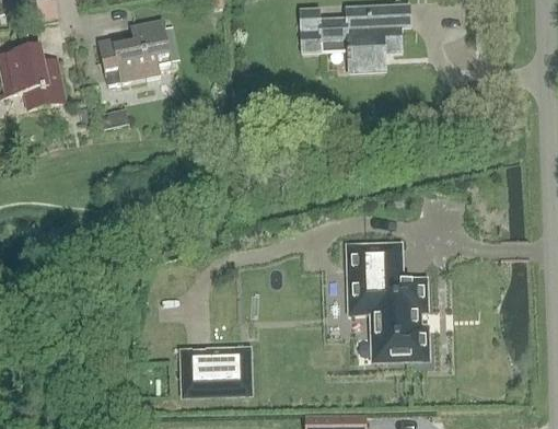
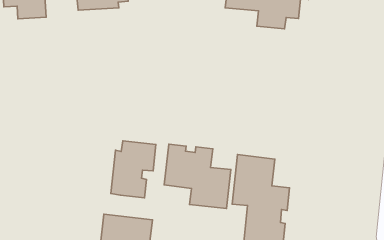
building: none -> [164,144,231,209]
building: none -> [111,141,156,198]

